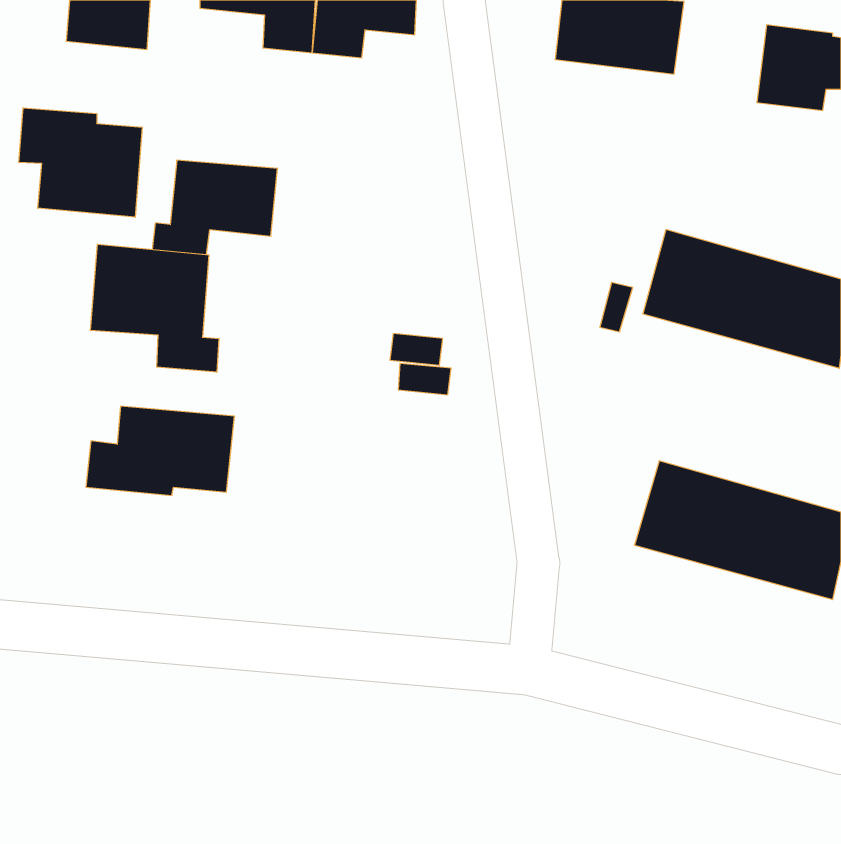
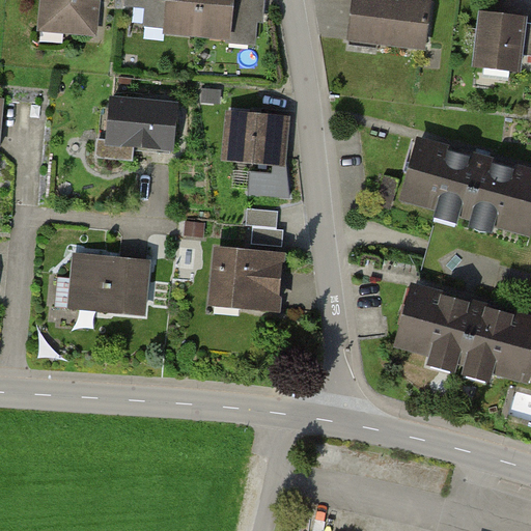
building: [19,108,142,217] -> none
building: none -> [231,116,289,198]
building: [90,244,219,372] -> none
building: none -> [213,251,280,308]

